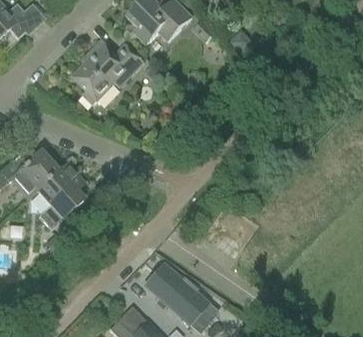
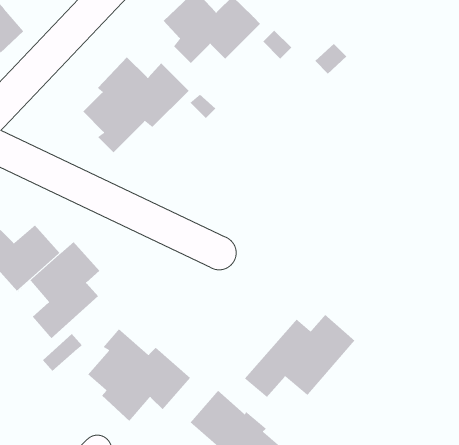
building: none -> [244,314,356,412]
building: none -> [87,328,191,422]

